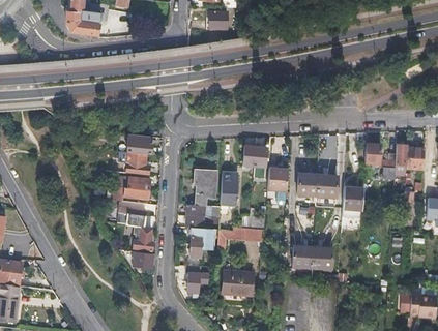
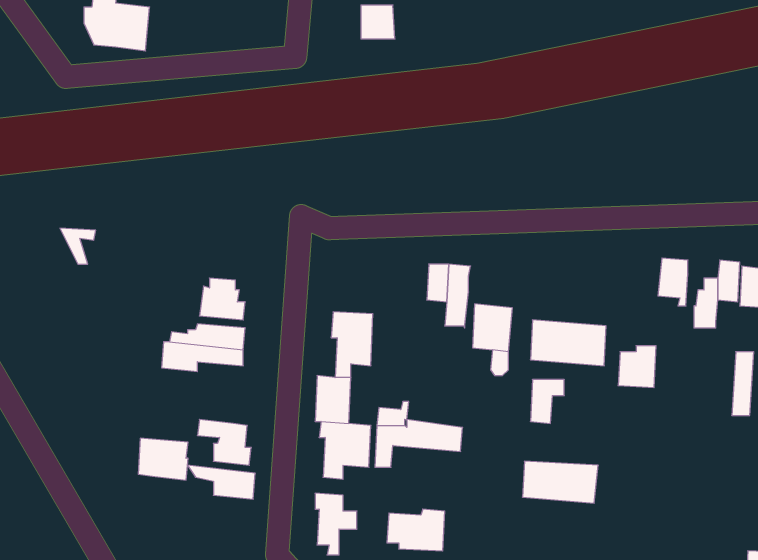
building: [127,134,152,155] -> none
building: [221,173,238,204] -> none
building: [119,207,145,229] -> [138,438,188,480]

